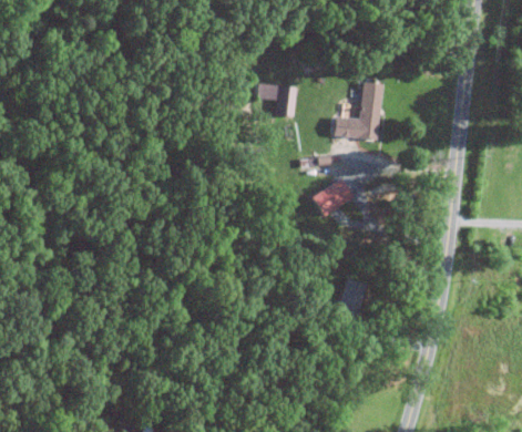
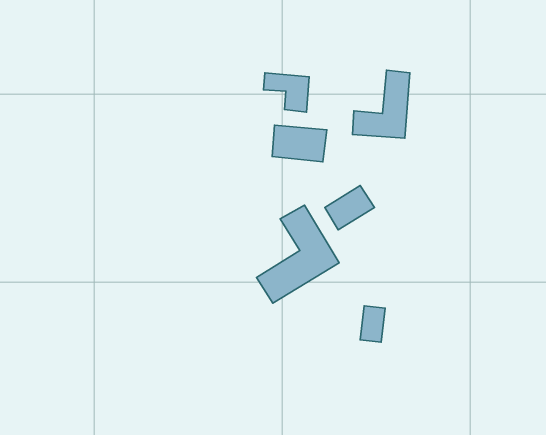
building: none -> [272,125,327,162]
building: none -> [256,205,339,303]

